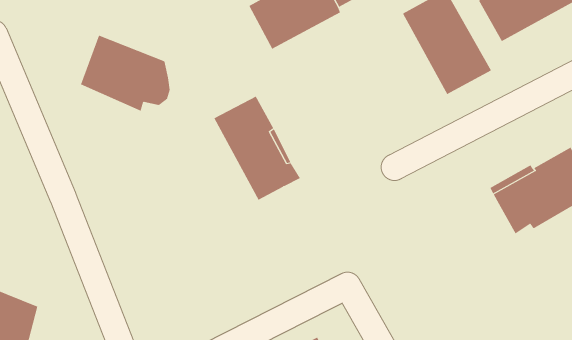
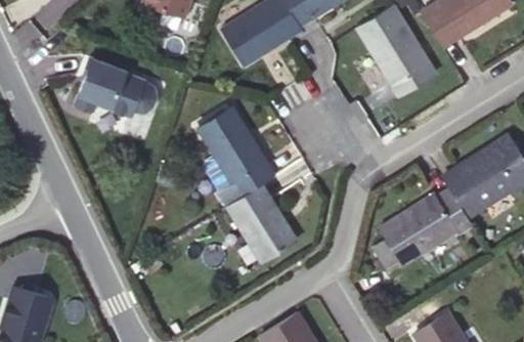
building: none -> [225,184,295,262]
building: none -> [378,188,471,264]

